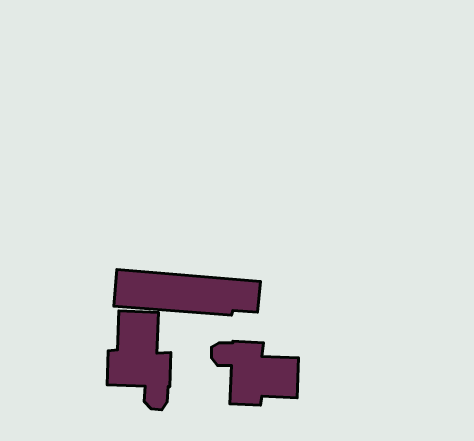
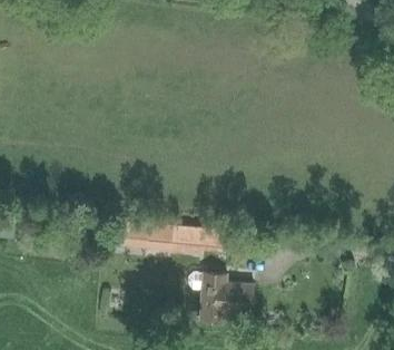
building: [107,311,171,410] -> none

